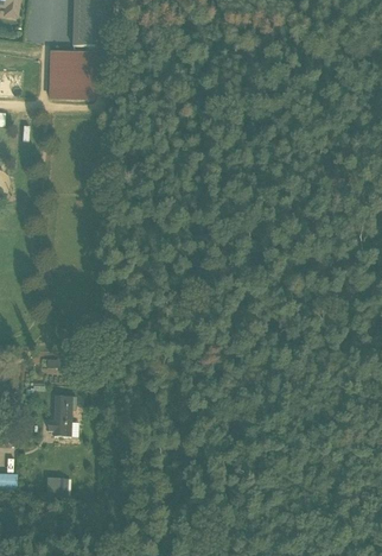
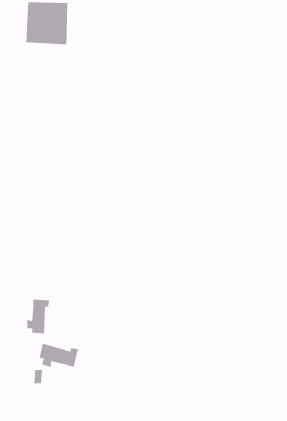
building: none -> [39,343,79,368]

